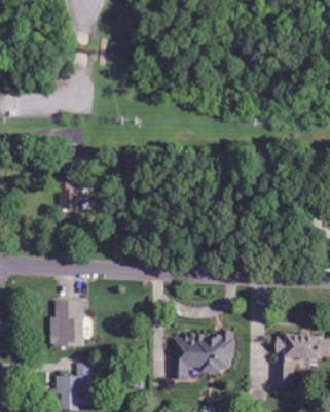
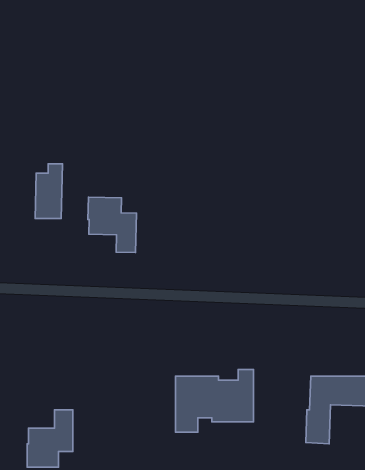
building: none -> [88,197,136,253]
building: [50,300,85,346] -> none

